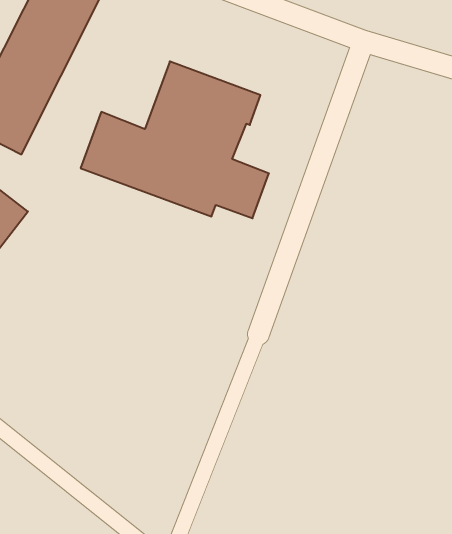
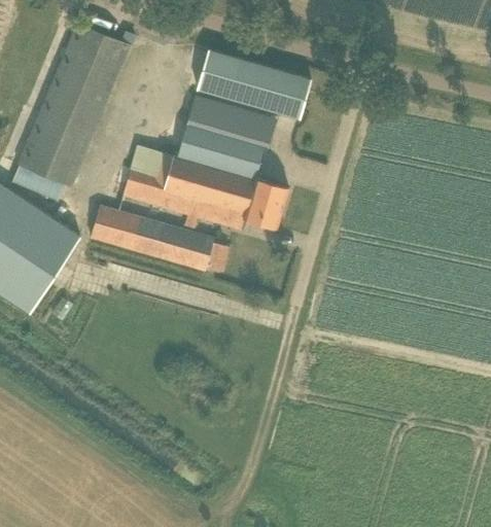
building: none -> [197,49,311,119]
building: none -> [91,207,214,271]

